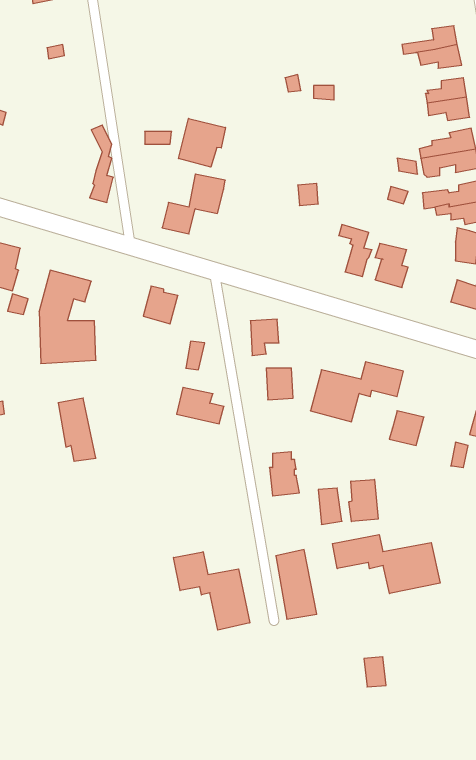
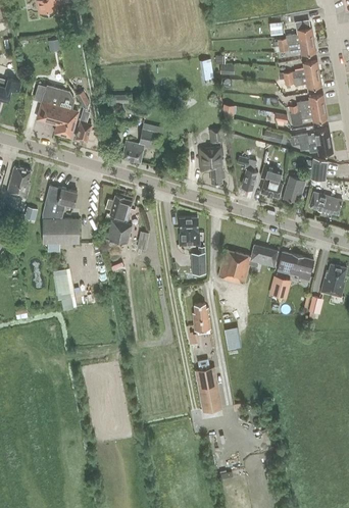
building: none -> [37,86,78,137]
building: [179,118,225,167] -> none
building: none -> [198,148,223,185]
building: none -> [283,176,305,203]
building: none -> [279,253,313,282]
building: [177,387,224,424] -> [108,221,139,245]
building: [349,479,378,522] -> none
building: [332,535,440,594] -> none
building: [174,552,250,630] -> none

